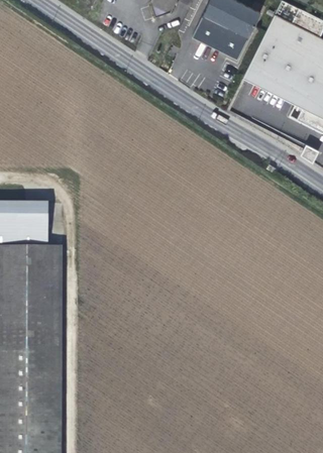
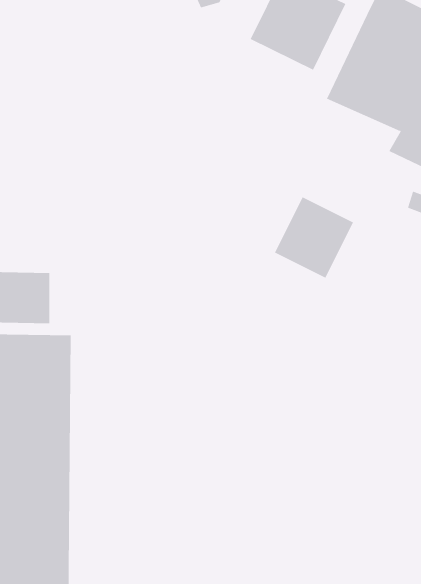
building: none -> [274,196,354,279]

